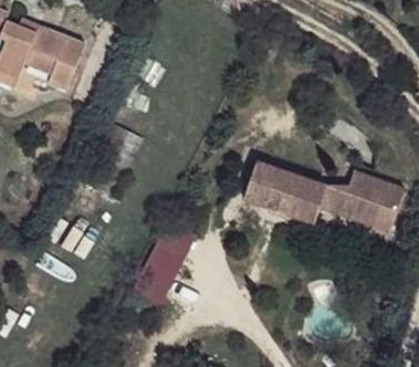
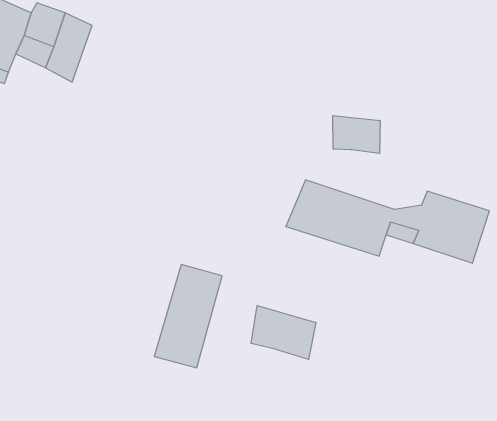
building: none -> [333,116,380,153]
building: none -> [251,306,316,359]

